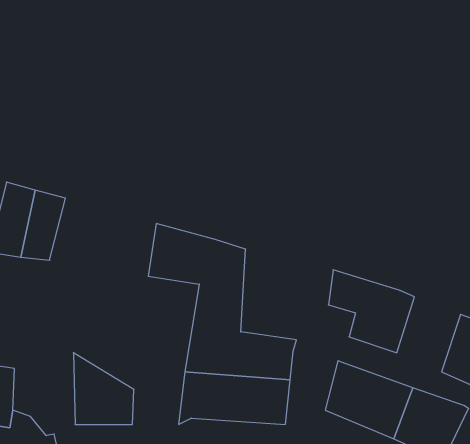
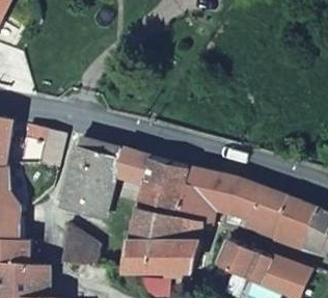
building: none -> [61,138,120,218]
building: none -> [175,167,236,227]
building: none -> [277,198,319,247]

